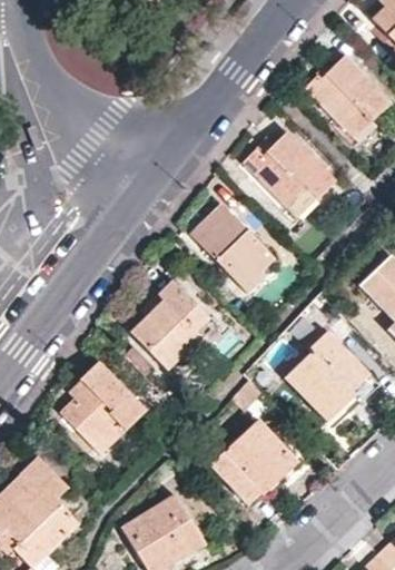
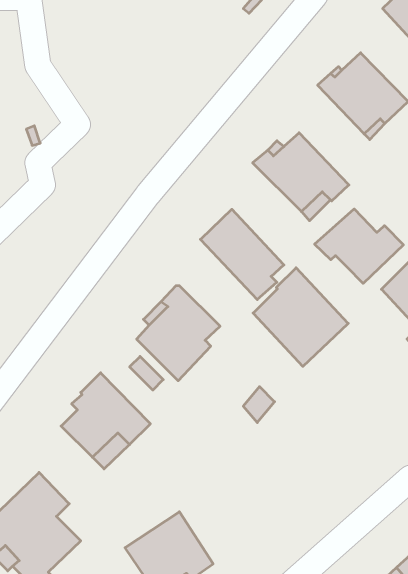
building: none -> [315,209,403,283]
building: [287,331,378,425] -> [253,268,348,366]
building: [211,420,297,505] -> none

